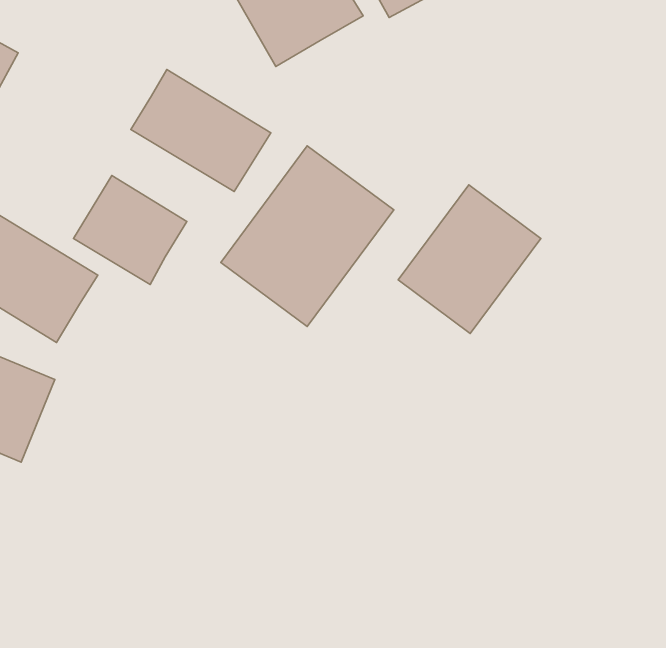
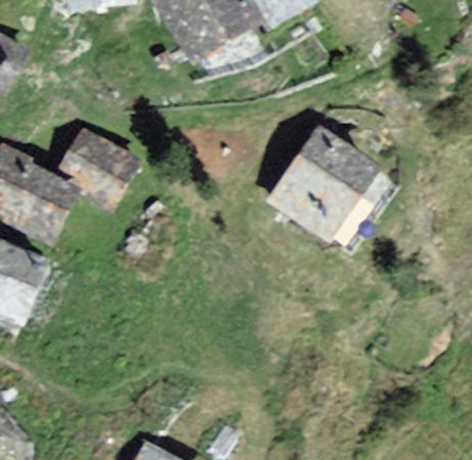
building: [131,69,271,192] -> none
building: [221,146,394,326] -> none

